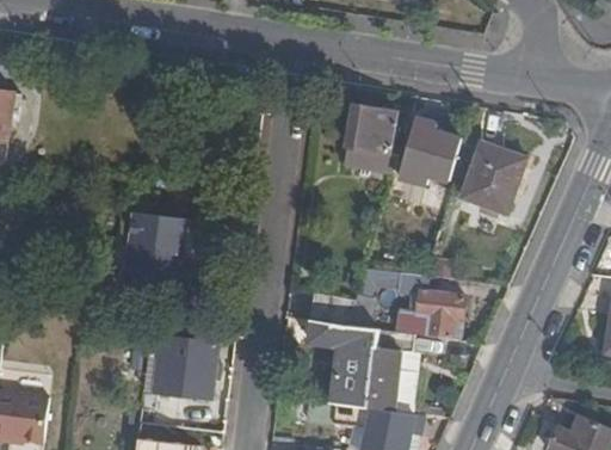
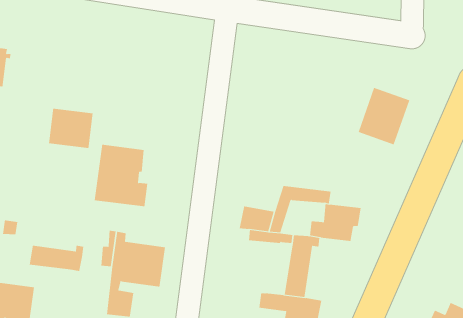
building: [344,103,396,172] -> none
building: [397,116,461,186] -> none
building: none -> [48,108,93,149]
building: none -> [29,245,84,272]
building: [341,343,375,405] -> none

